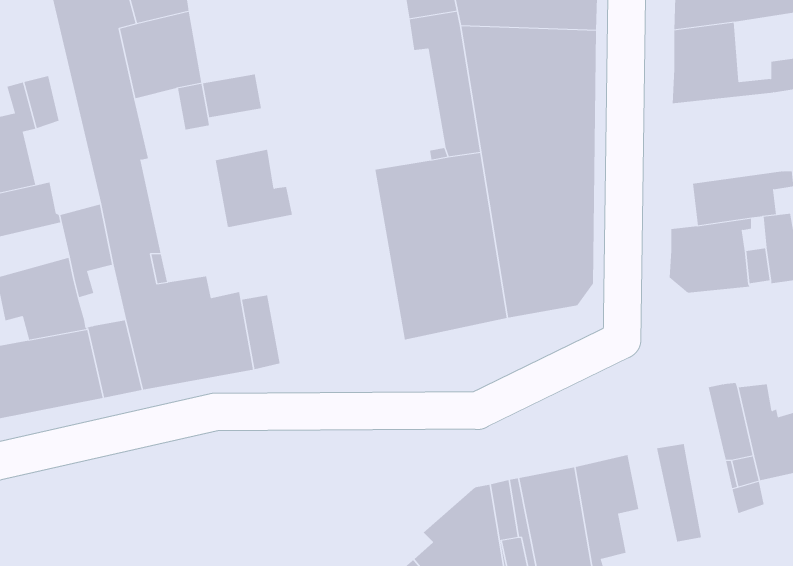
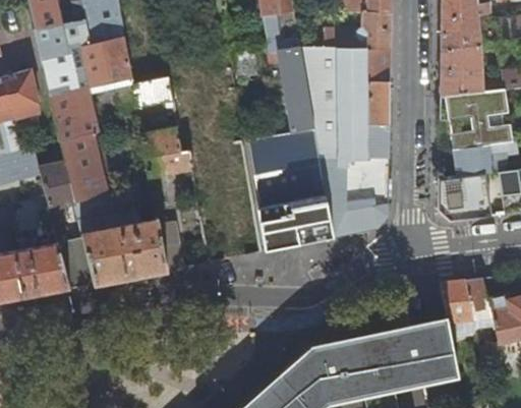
building: none -> [439,91,511,150]
building: none -> [441,280,471,330]
building: none -> [404,322,442,390]

